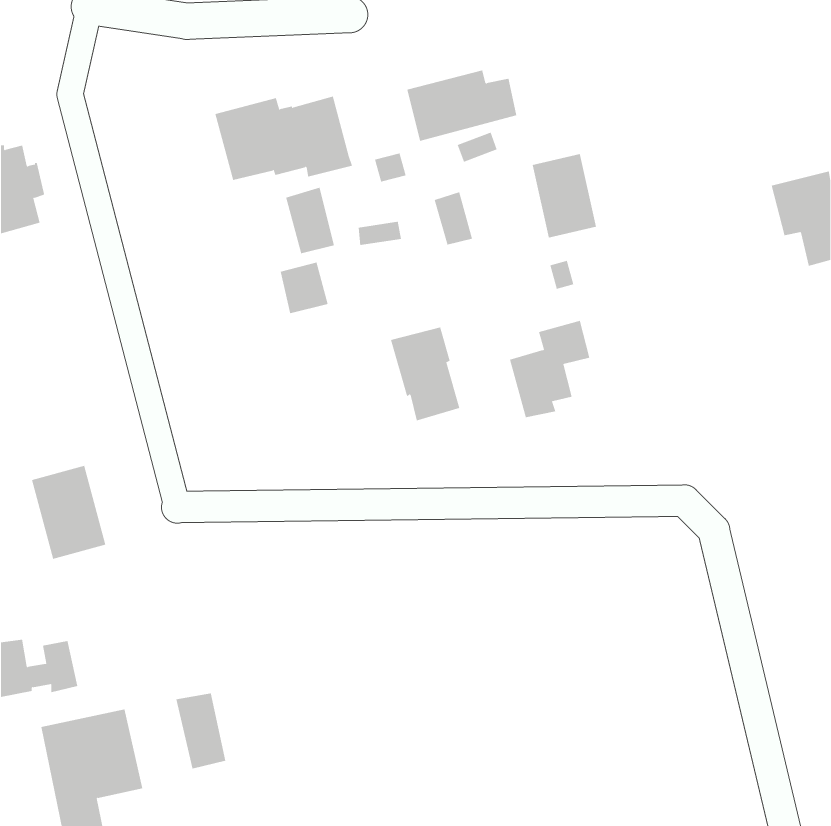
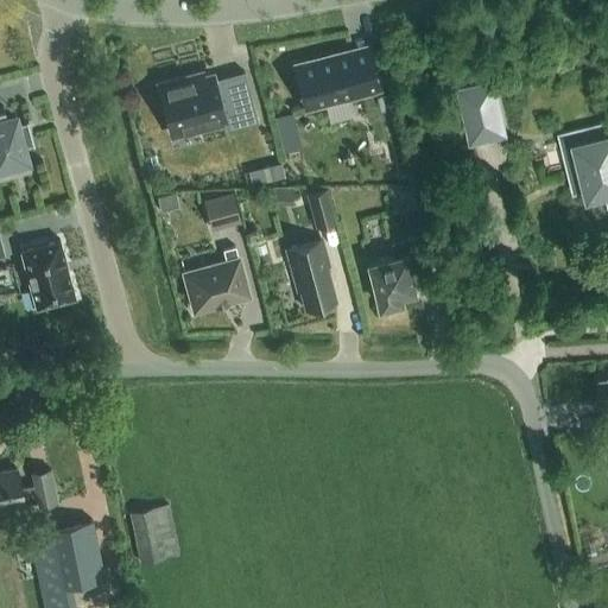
building: [532,154,597,238] -> [458,86,506,147]
building: [286,187,335,254] -> none
building: [434,192,473,245] -> [306,190,335,229]
building: none -> [183,248,248,312]
building: [31,465,106,559] -> [20,241,75,310]

